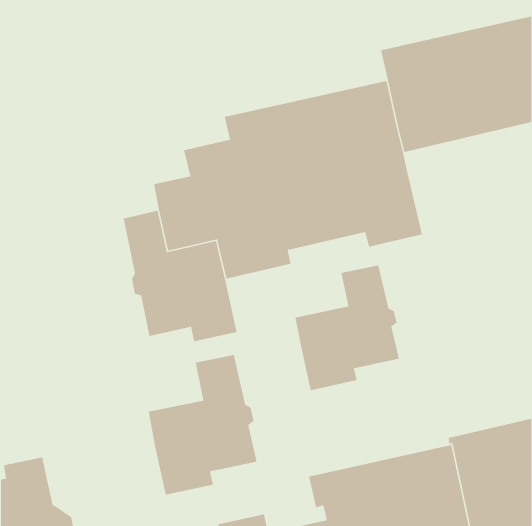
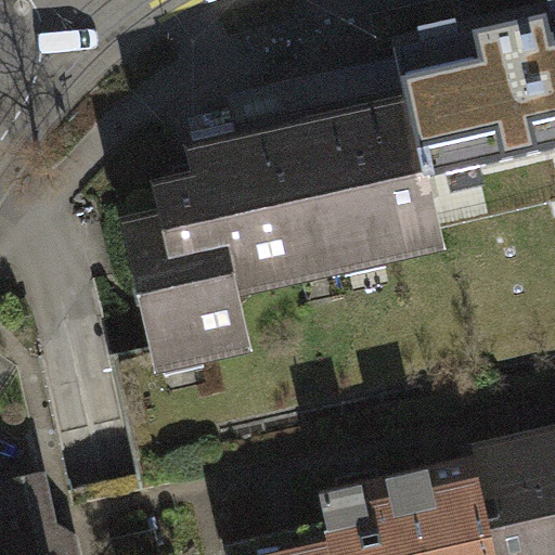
building: [294,264,400,391] -> none
building: [148,354,257,496] -> none

